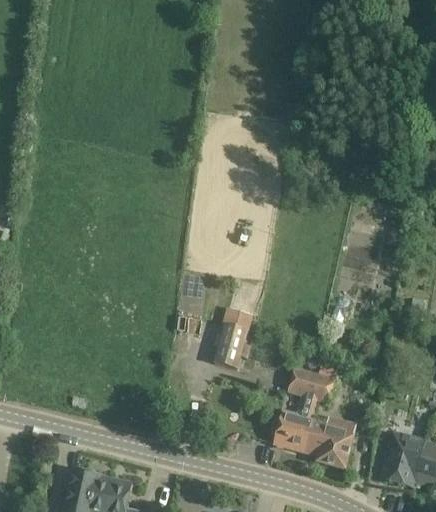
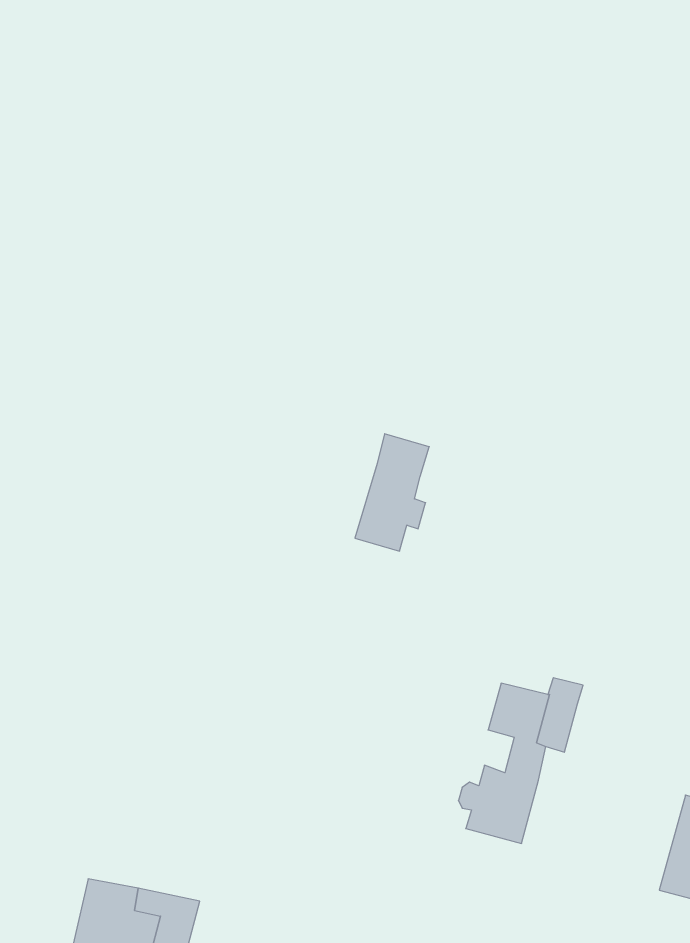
building: [212,308,252,371] -> [355,434,429,551]
building: [304,418,356,470] -> none

